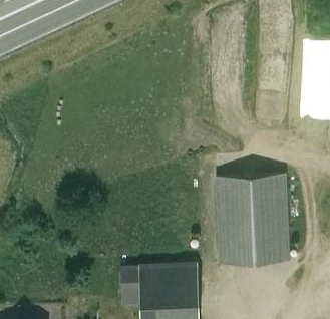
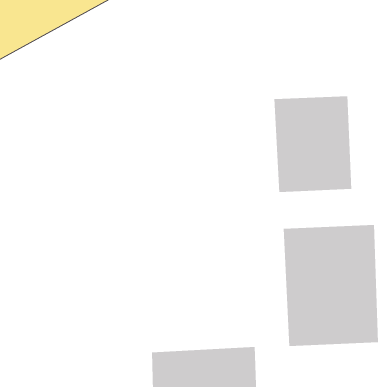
building: none -> [274,95,352,193]

